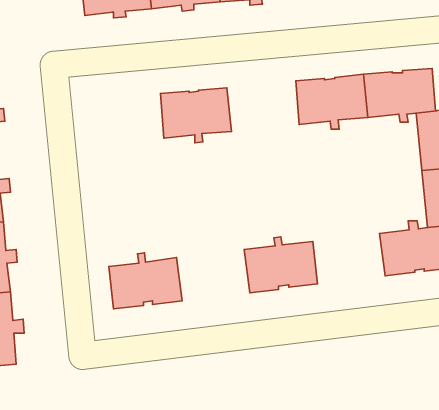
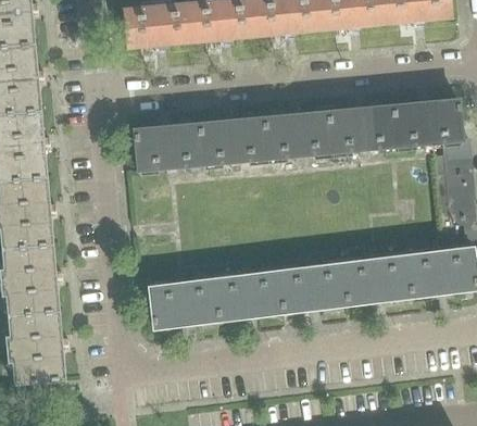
building: none -> [263,110,331,162]
building: none -> [136,122,203,175]
building: none -> [344,250,413,302]
building: none -> [215,265,285,318]

